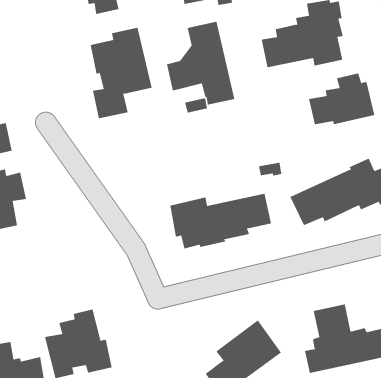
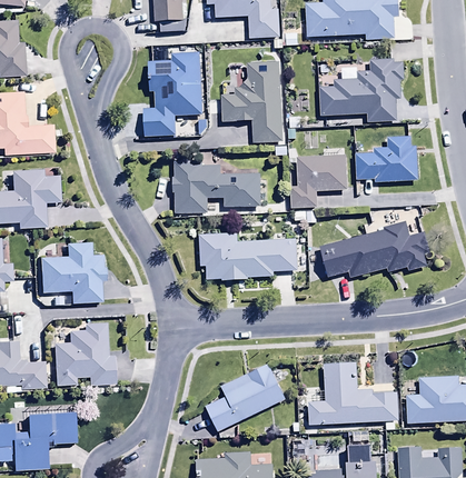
building: none -> [291,153,347,208]
building: none -> [172,159,262,212]
building: none -> [41,242,106,302]

